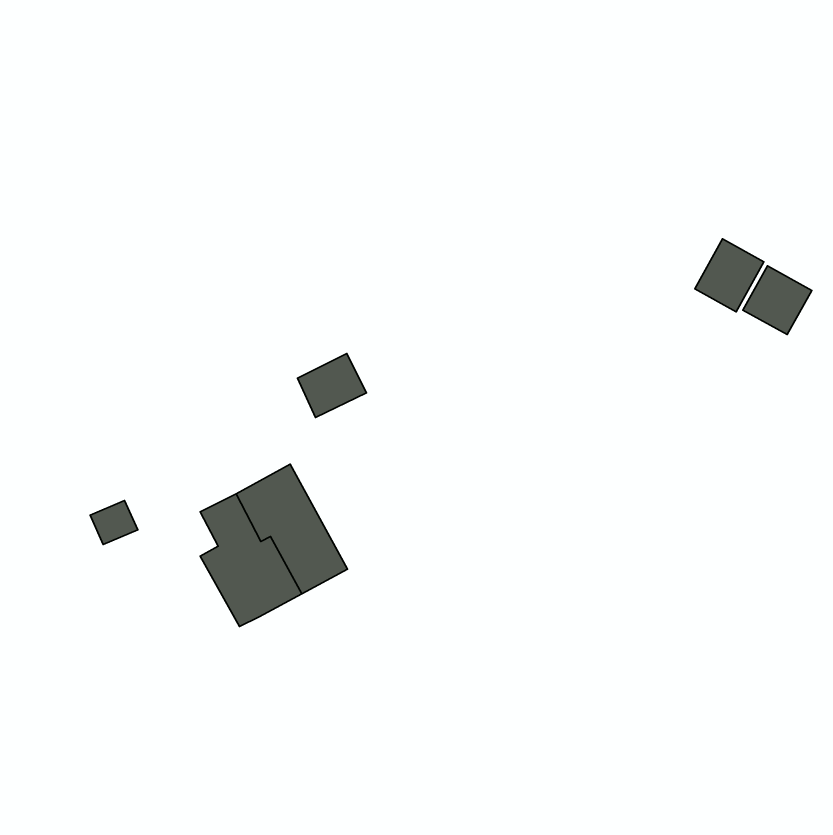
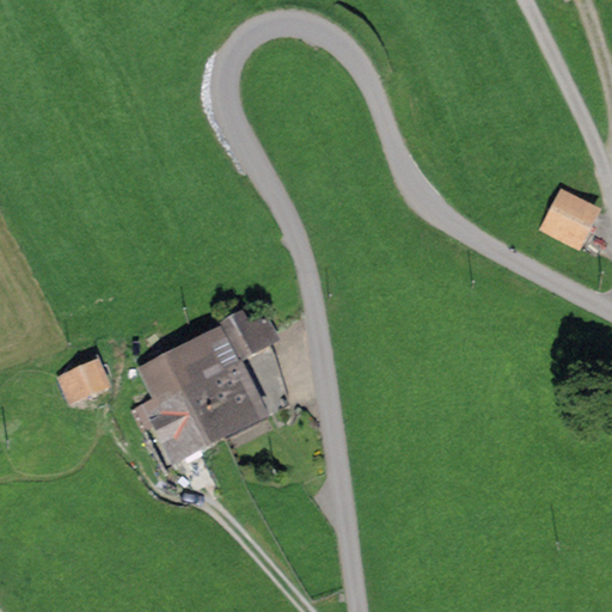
building: [695,239,764,312] -> none
building: [298,354,366,417] -> [228,311,279,357]

